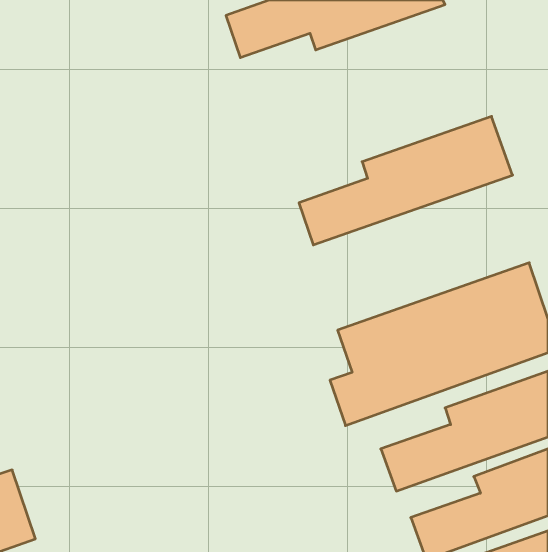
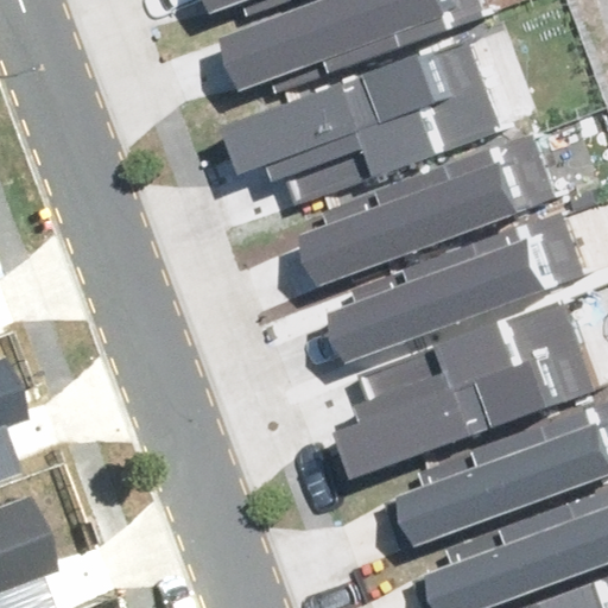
building: none -> [239,36,501,201]
building: none -> [338,223,568,361]

